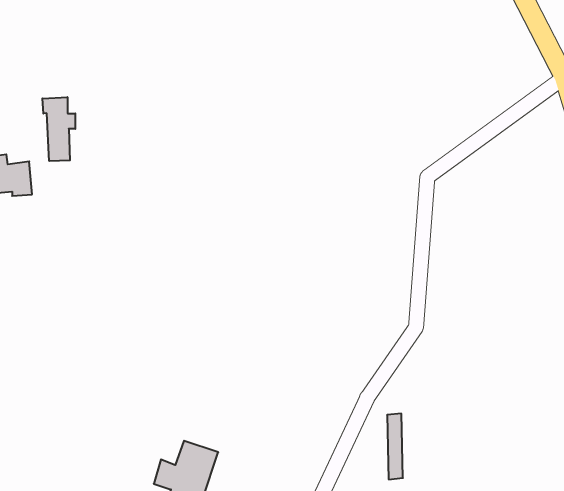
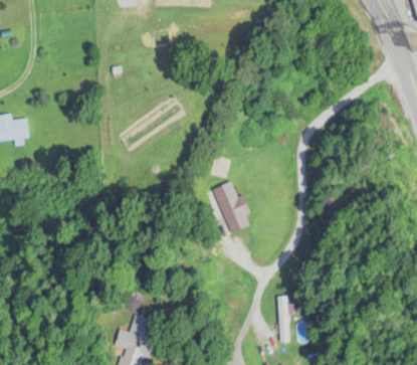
building: [42,97,75,161] -> none
building: none -> [213,181,252,233]

